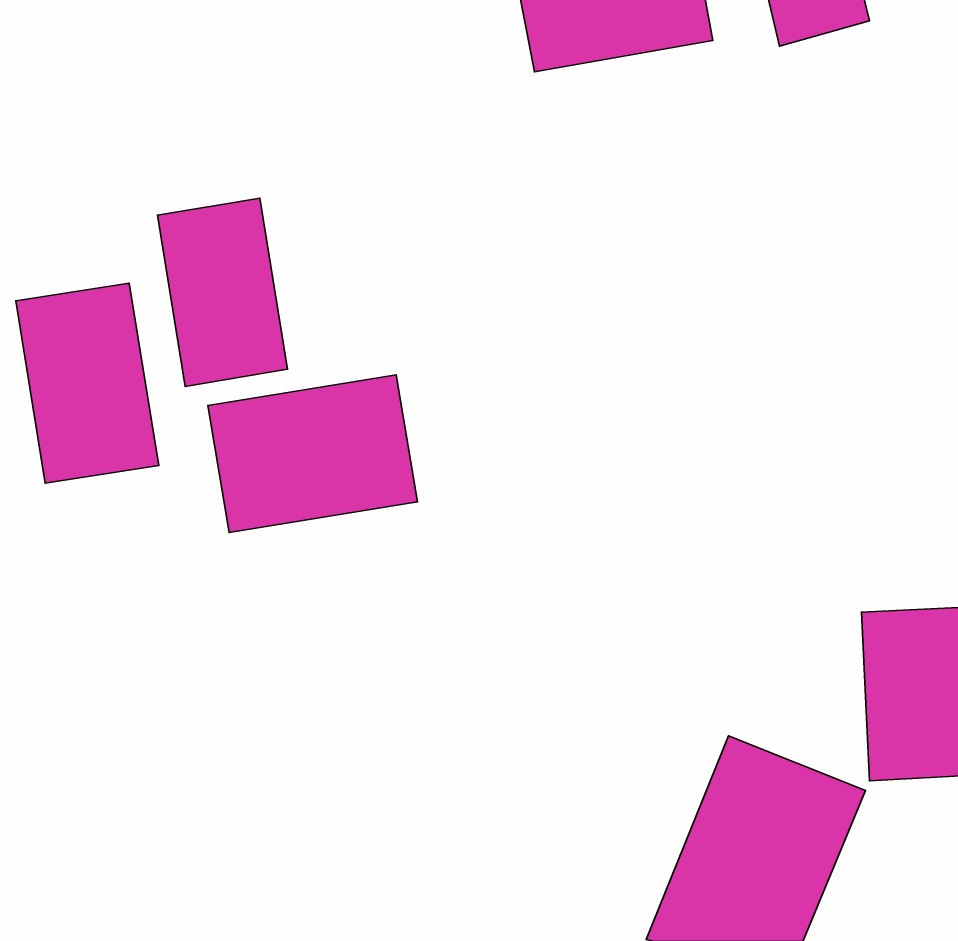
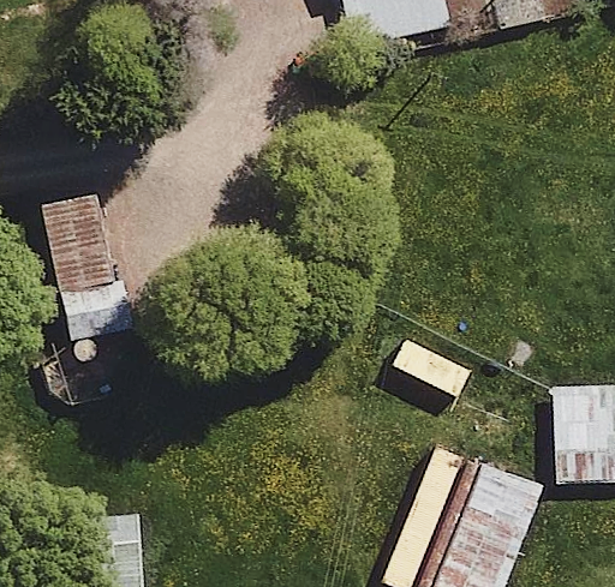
building: [158,198,287,386] -> none
building: [208,375,417,532] -> none

